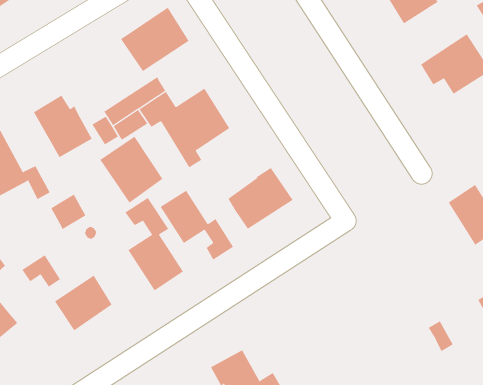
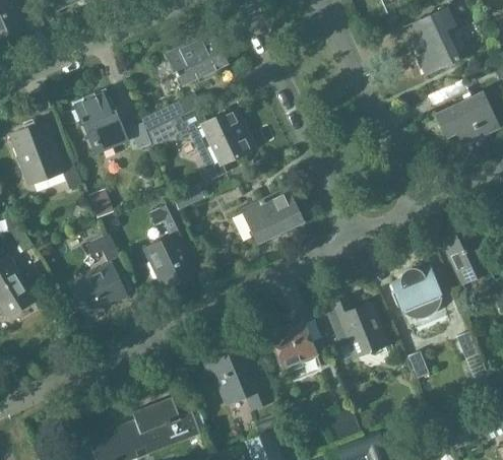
building: [100,136,163,204] -> none
building: [160,190,234,260] -> none
building: none -> [394,267,450,329]
building: [22,254,61,287] -> [85,234,120,264]
building: none -> [325,297,387,357]
building: none -> [269,321,316,372]

